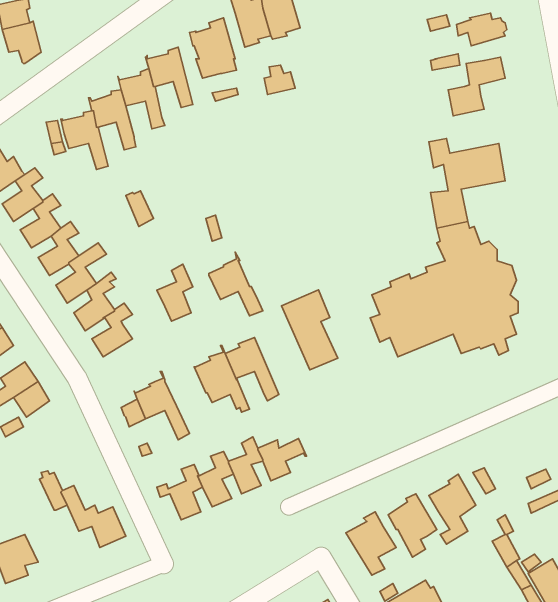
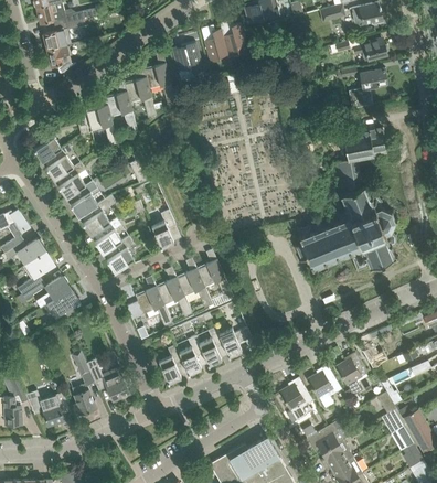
building: [209,252,263,316] -> [156,272,192,315]
building: [281,290,338,370] -> none
building: none -> [71,383,95,415]

